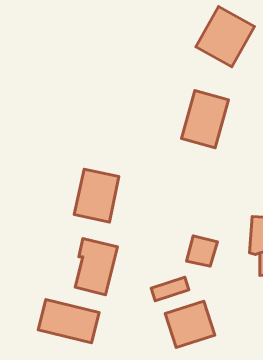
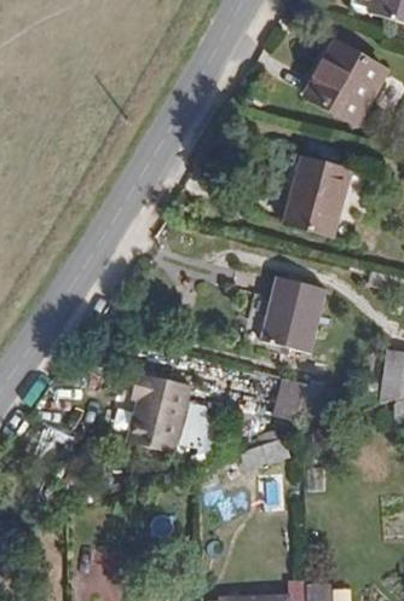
building: [74,169,119,222] -> [260,277,324,353]
building: [38,299,99,343] -> none
building: [165,301,215,347] -> none

